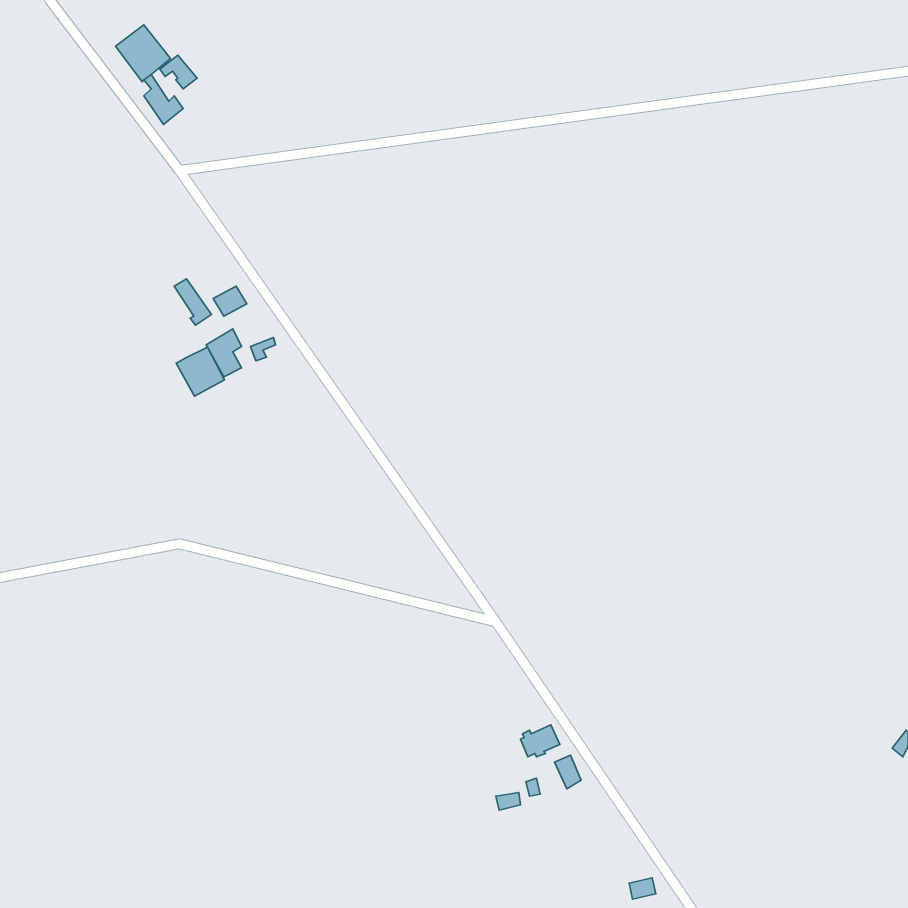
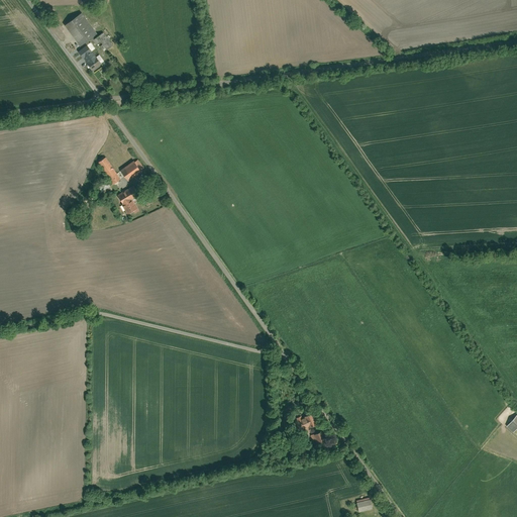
building: [176,347,224,396] -> none

